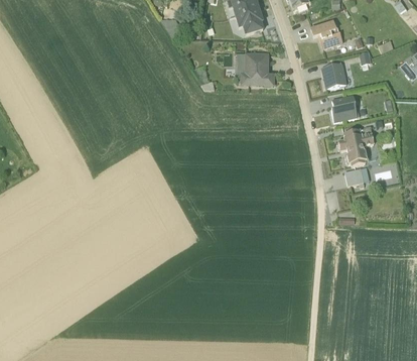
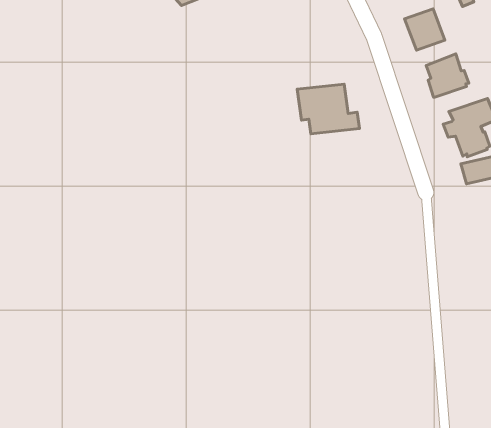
building: [235,52,273,85] -> [297,84,359,134]

